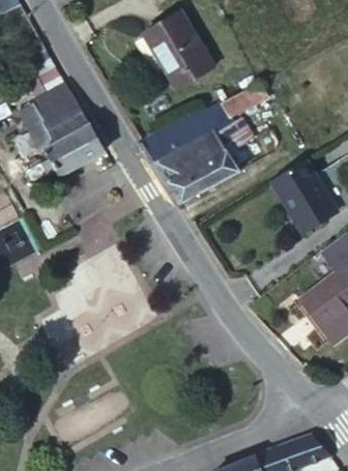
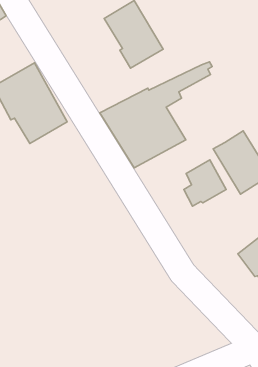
building: none -> [184,160,226,206]

